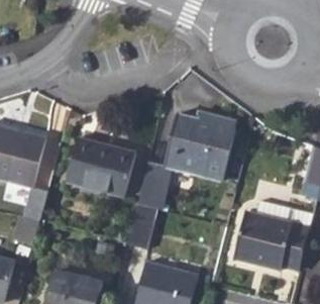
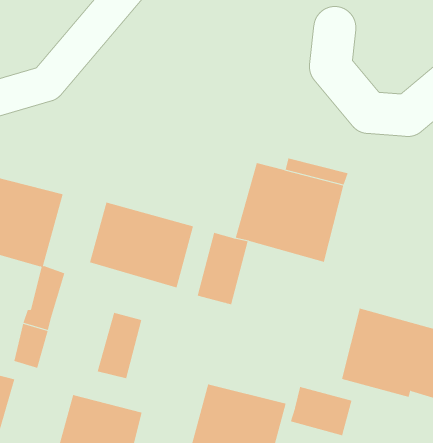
building: [126,204,156,248] -> [97,312,142,379]
building: none -> [290,386,352,436]

